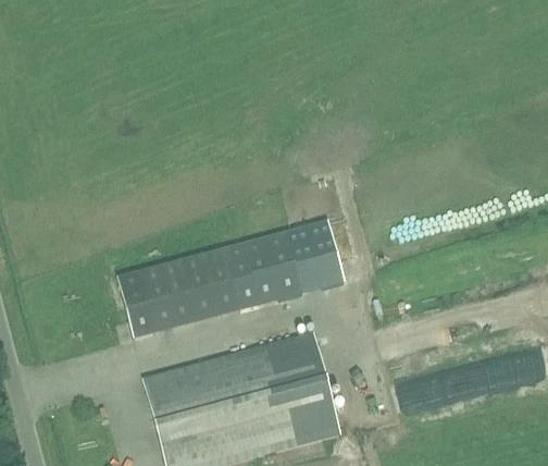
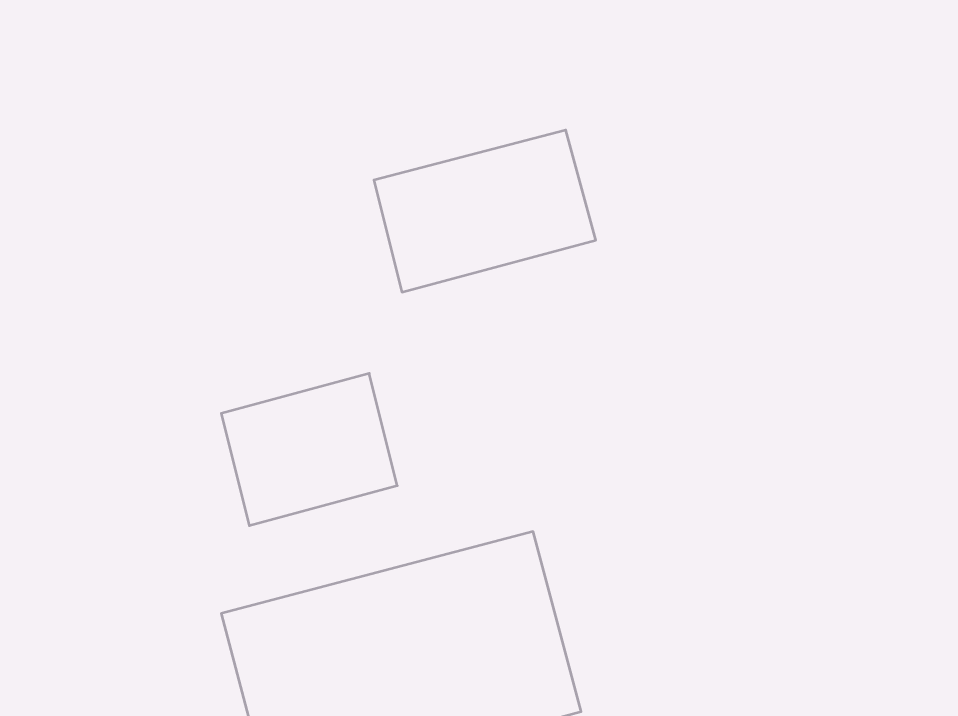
building: [225,220,346,308] -> [374,130,596,292]
building: [117,269,160,338] -> none

